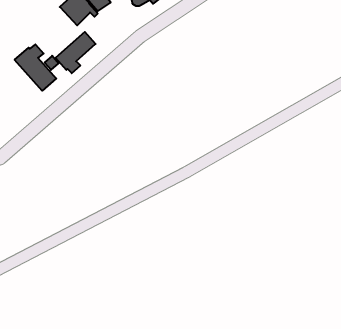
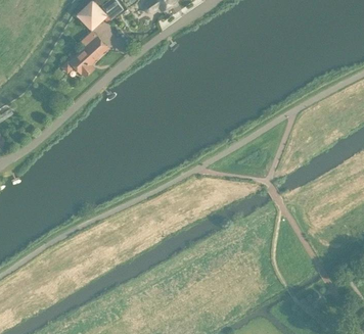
building: [15,44,56,91] -> none

